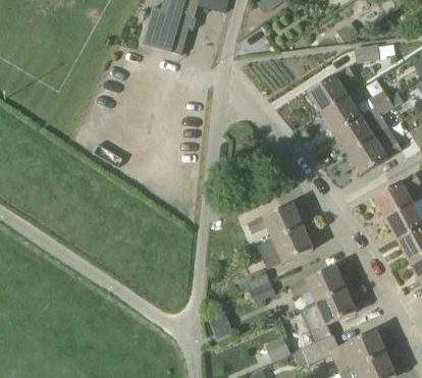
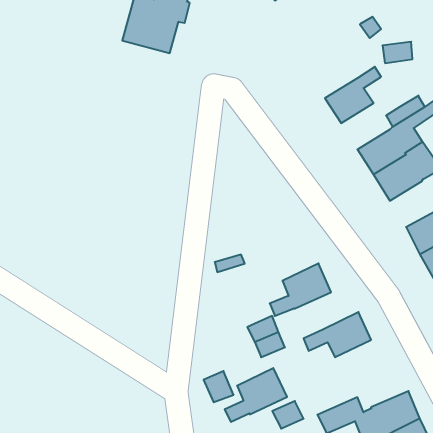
building: [321,95,361,132] -> none
building: [248,203,303,239] -> none
building: [306,287,357,331] -> [225,368,287,422]

